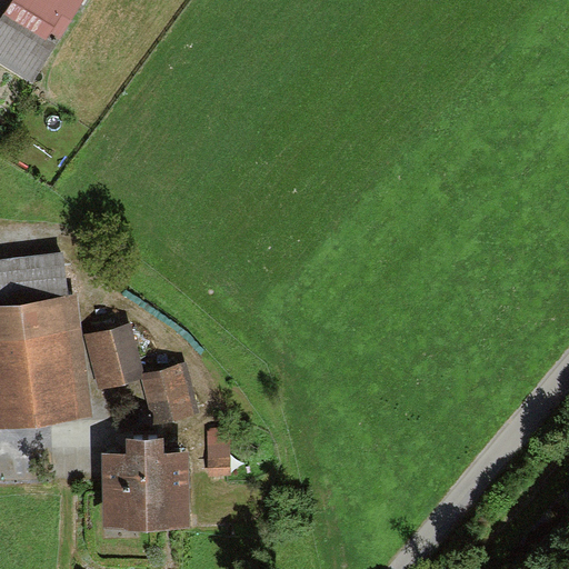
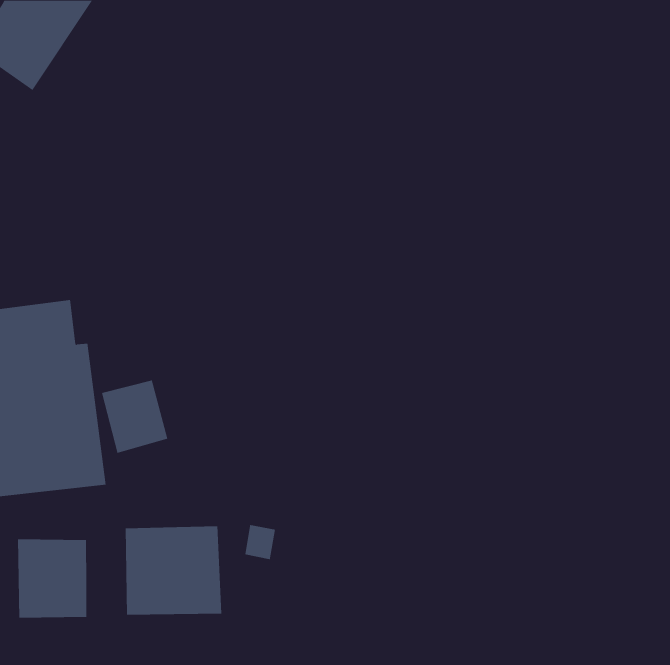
building: [147,369,192,422] -> none
building: none -> [17,538,87,619]

